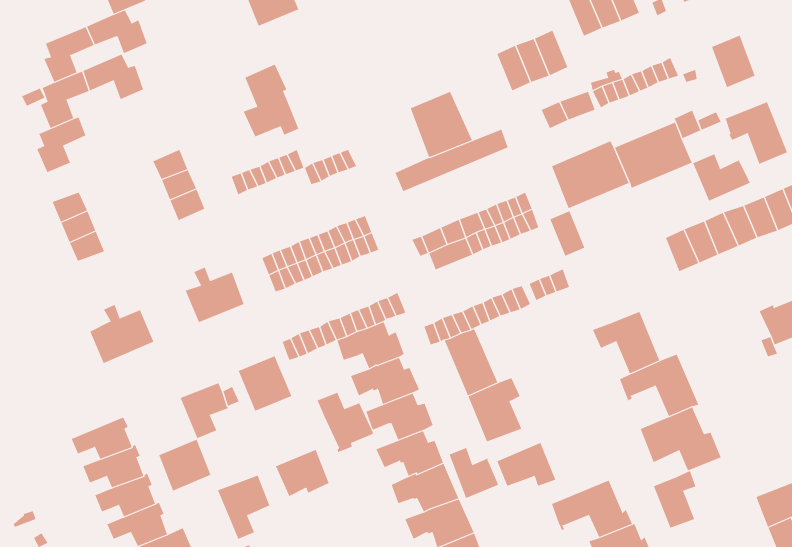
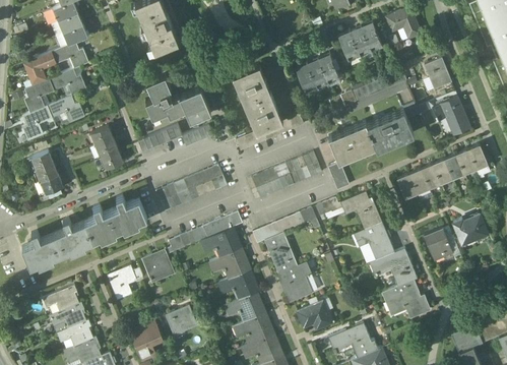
building: none -> [233,64,269,102]
building: none -> [173,87,211,121]
building: none -> [48,97,84,123]
building: [693,154,750,202] -> none
building: none -> [340,192,382,230]
building: none -> [84,205,119,241]
building: none -> [424,227,453,261]
building: none -> [22,232,62,266]
building: [317,392,374,453] -> none
building: [159,439,211,491] -> none
building: [449,447,499,499] -> none
building: [653,470,696,528] -> none

